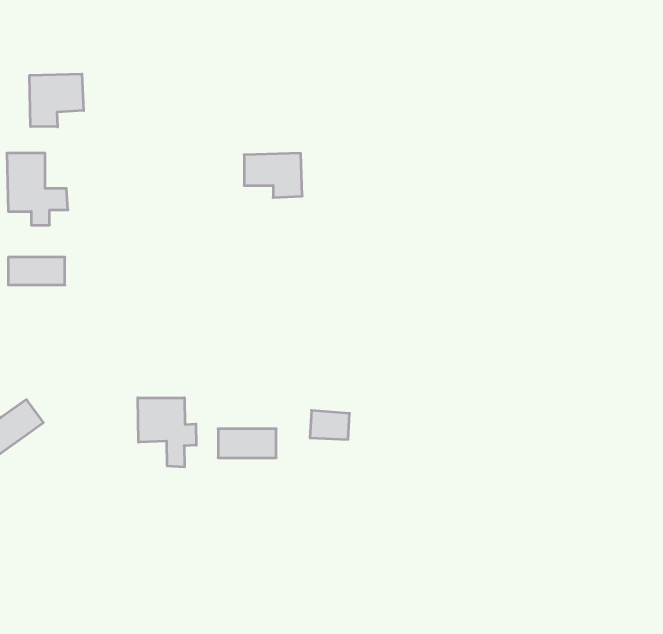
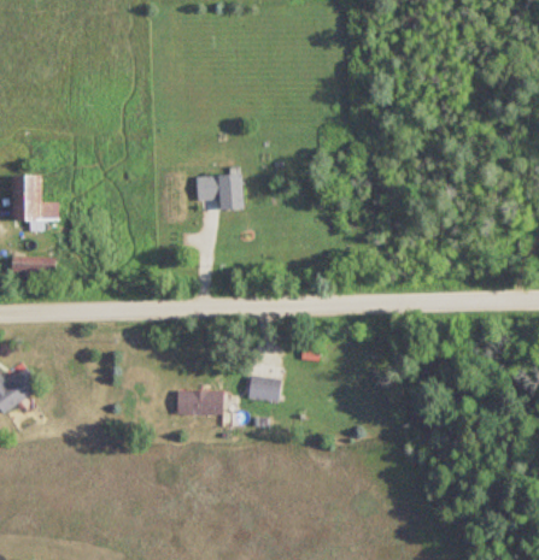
building: [30,74,84,127] -> none
building: [138,398,196,467] -> none

